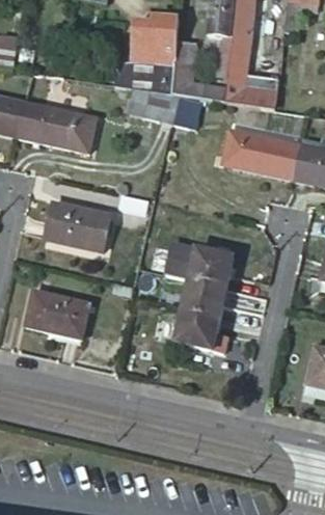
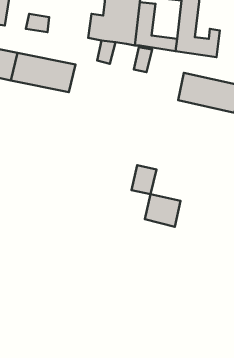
building: [141,88,178,123] -> none
building: [45,198,110,249] -> none
building: [192,247,238,287] -> none
building: [24,290,89,338] -> none
building: [177,309,222,350] -> none

